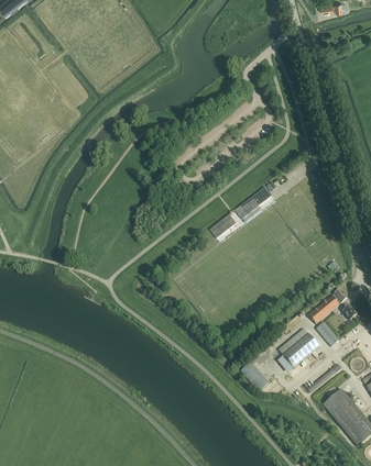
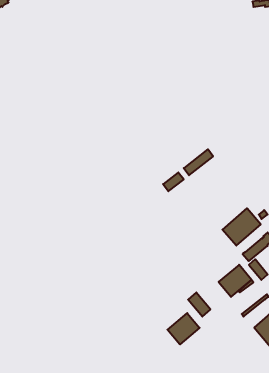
building: none -> [222,208,261,246]
building: none -> [167,313,200,344]

